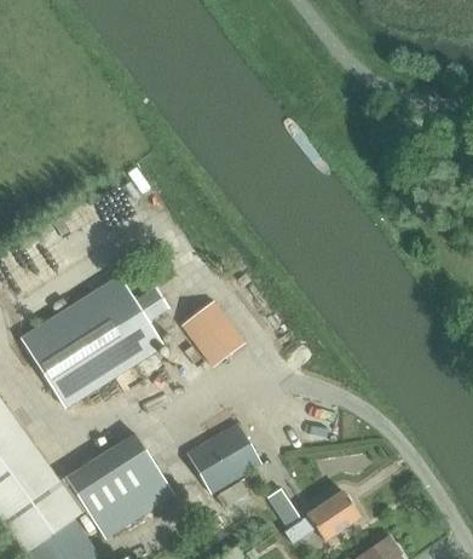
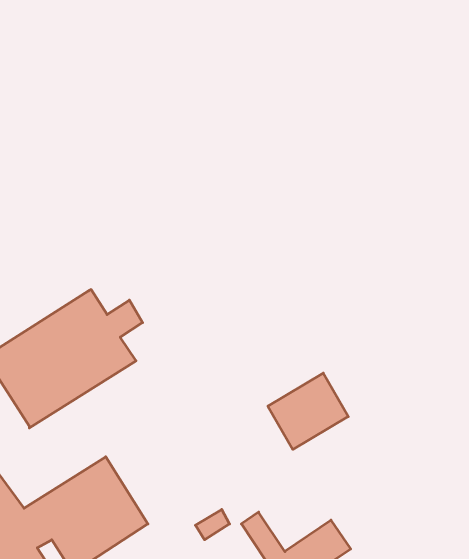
building: [183,302,242,365] -> none
building: [186,422,260,492] -> [268,373,348,449]

